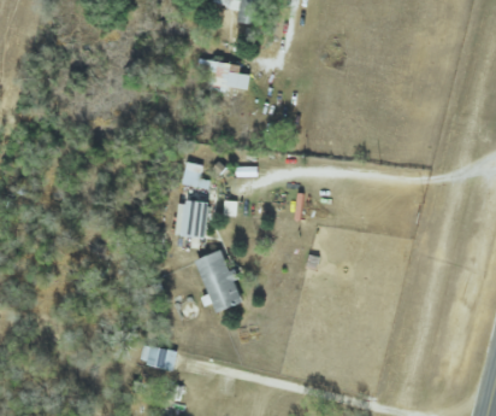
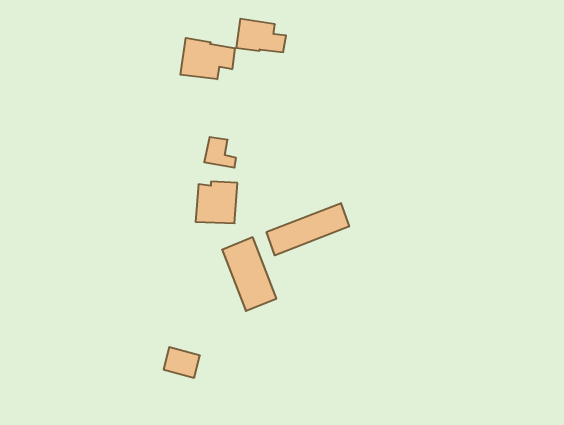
building: none -> [180,38,235,79]
building: none -> [267,203,349,255]

